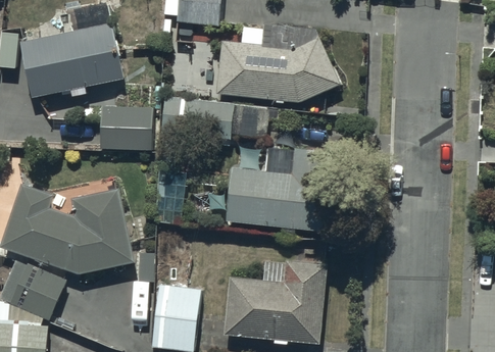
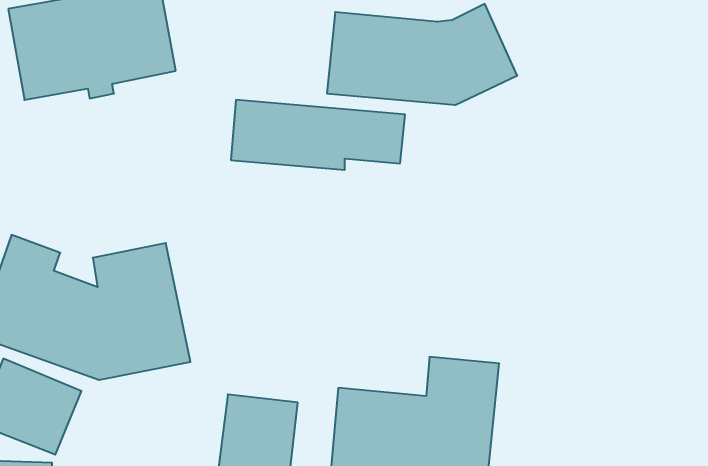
building: [97,106,152,152] -> none
building: [225,146,331,230] -> none

